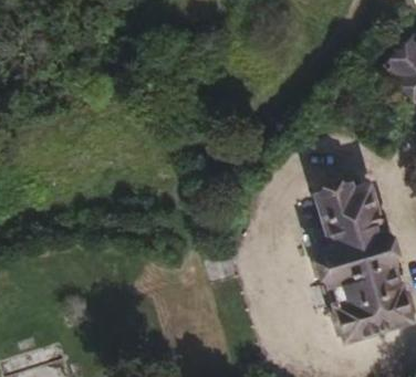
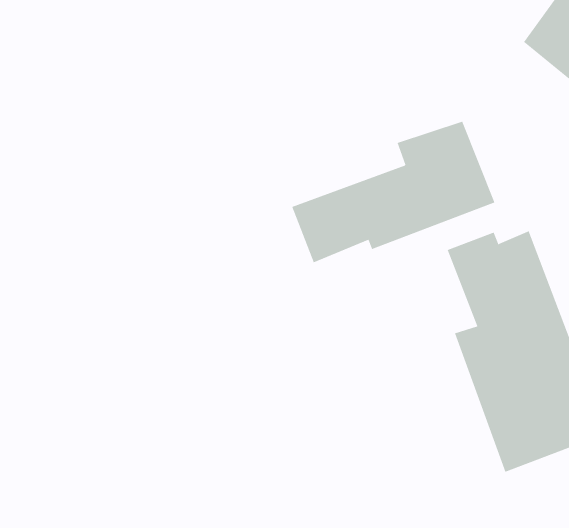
building: none -> [291,121,495,263]

